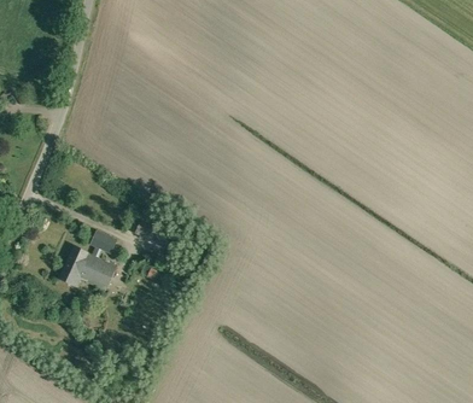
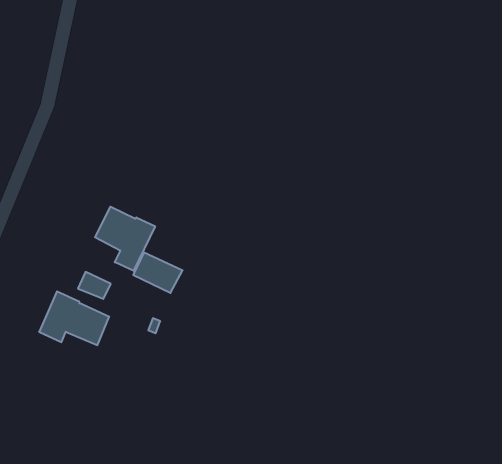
building: none -> [95,207,155,271]

